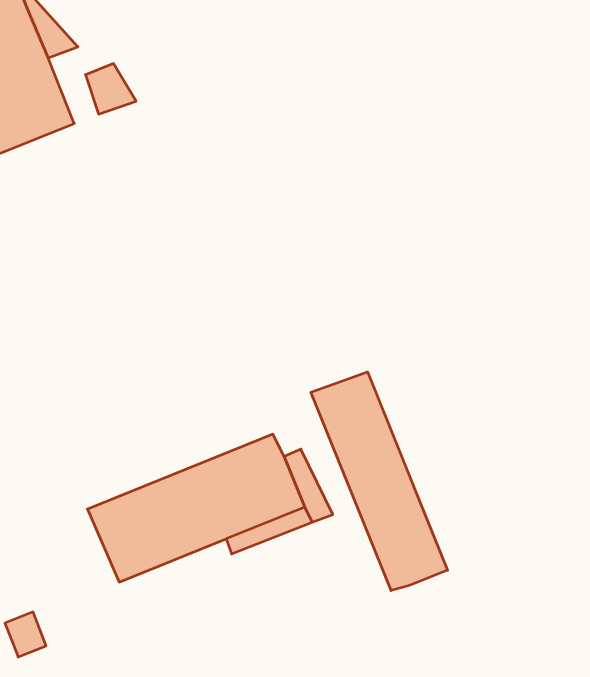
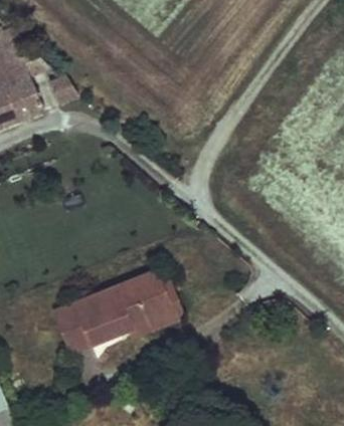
building: [311,372,448,591] -> none

